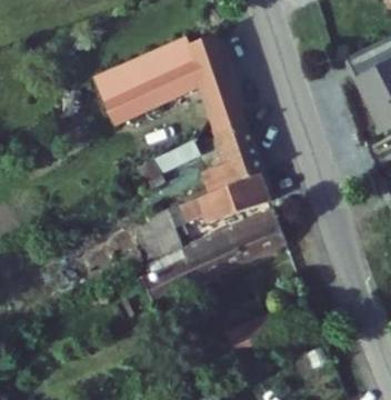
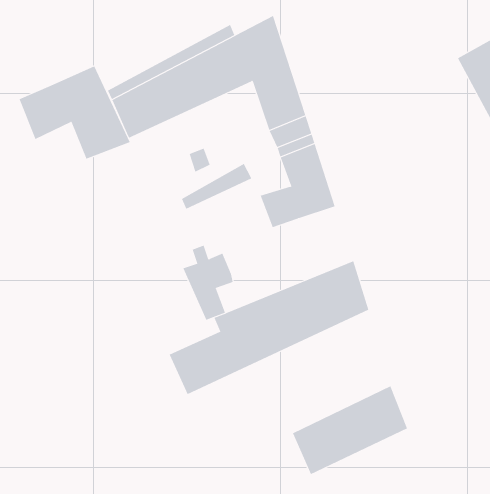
building: none -> [19,65,130,159]
building: [177,169,268,222] -> none

